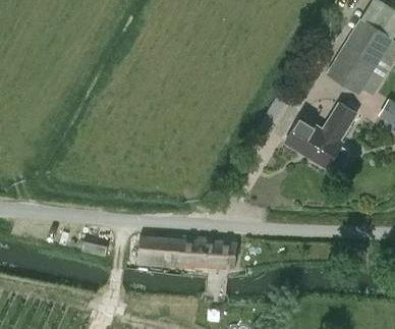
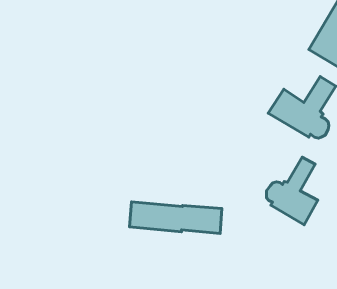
building: none -> [266,157,318,225]

